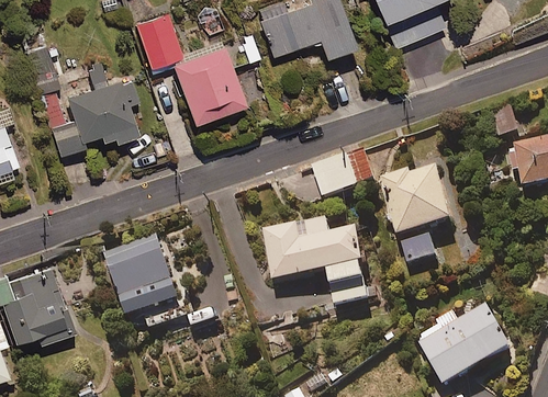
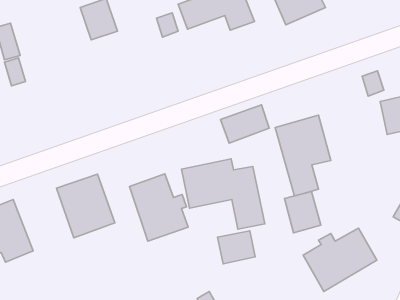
building: [172,42,246,122] -> none
building: [52,65,138,154] -> none
building: none -> [129,174,188,241]
building: none -> [285,192,321,233]
building: none -> [217,231,255,264]

